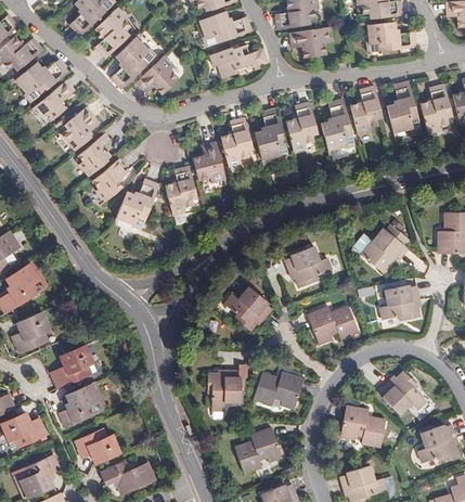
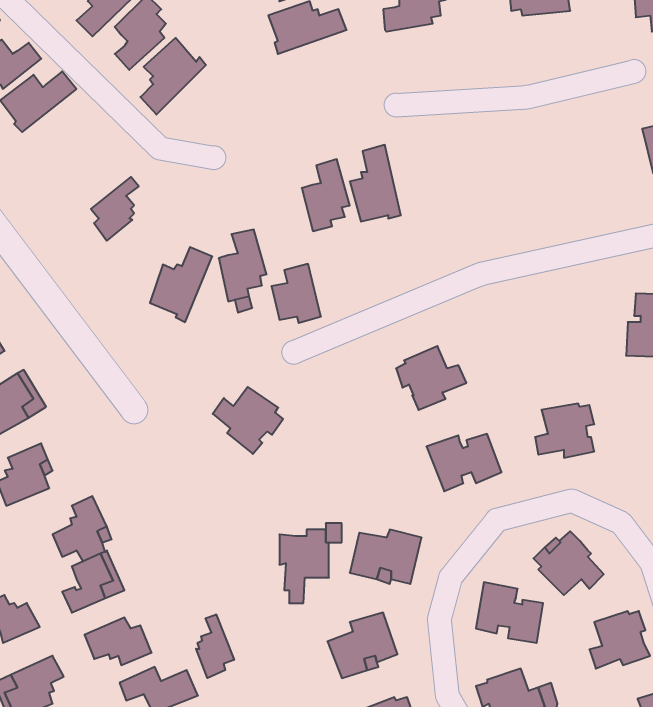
building: [366,25,416,54] -> none
building: [290,29,330,60] -> none
building: [208,46,267,81] -> none
building: [137,54,179,92] -> none
building: [36,77,75,118] -> none
building: [386,86,421,138] -> none
building: [350,89,382,139] -> none
building: [419,89,452,139] -> none
building: [285,103,318,152] -> none
building: [321,103,354,154] -> none
building: [63,104,100,149] -> none
building: [193,142,227,182] -> [271,264,321,323]
building: [94,157,131,199] -> none
building: [352,219,410,272] -> none
building: [222,285,270,331] -> [213,387,283,454]
building: none -> [196,614,234,678]

